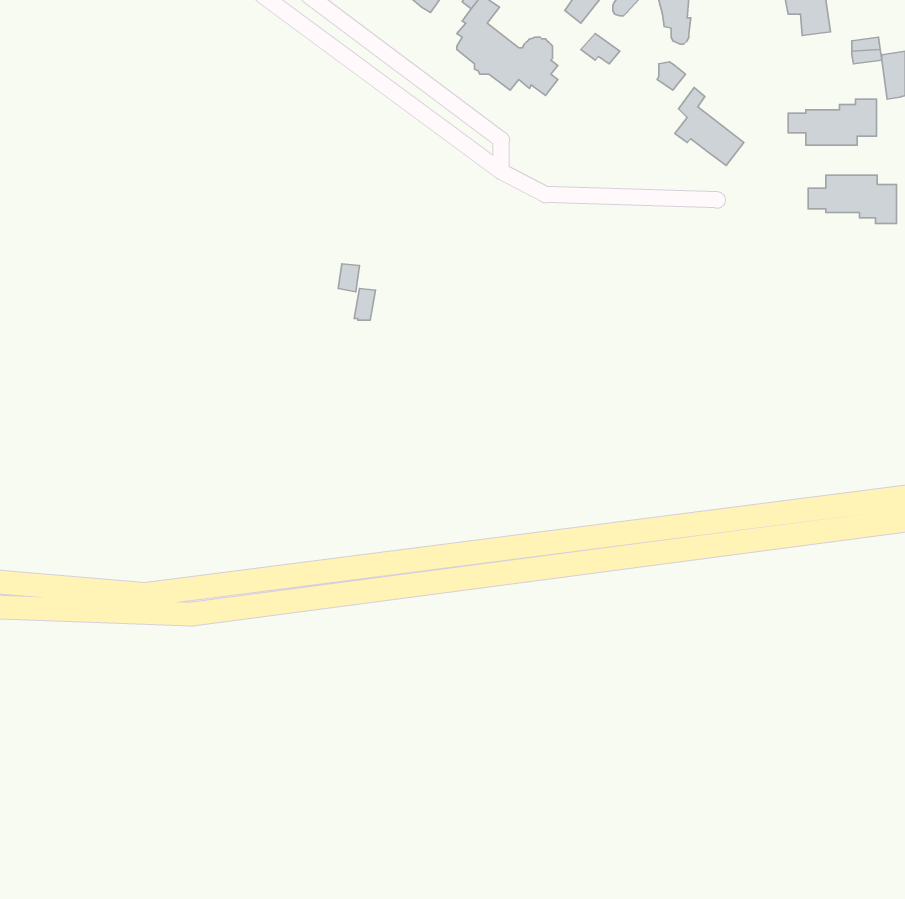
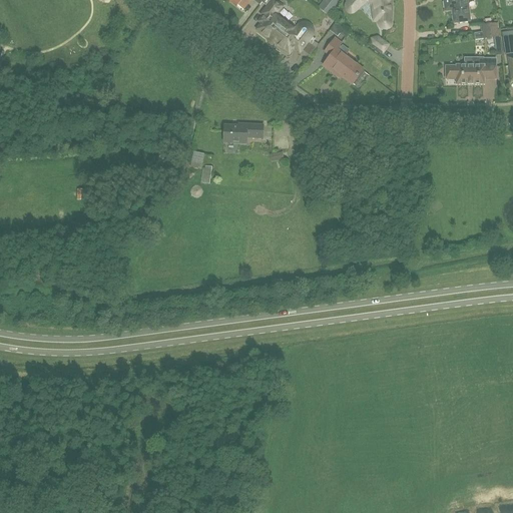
building: [675,88,744,165] -> [324,37,363,81]
building: [808,175,897,224] -> none
building: none -> [223,122,263,140]

